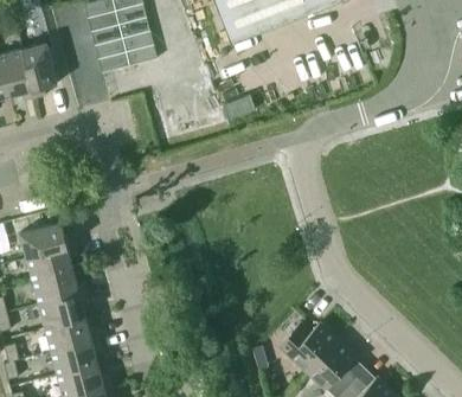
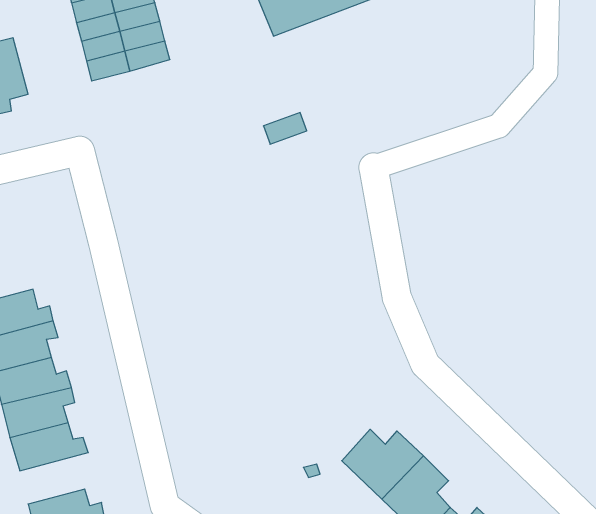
building: [50,337,101,373] -> none

